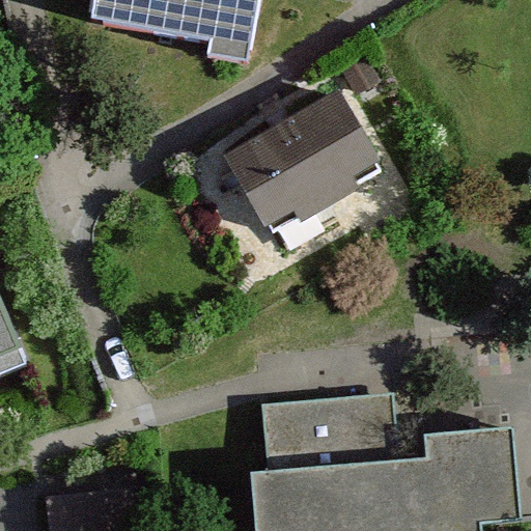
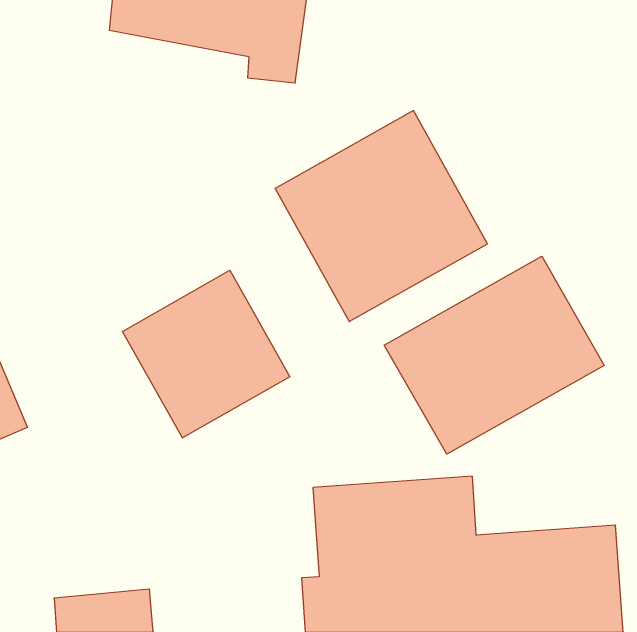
building: none -> [384,256,604,454]
building: none -> [122,270,290,438]

